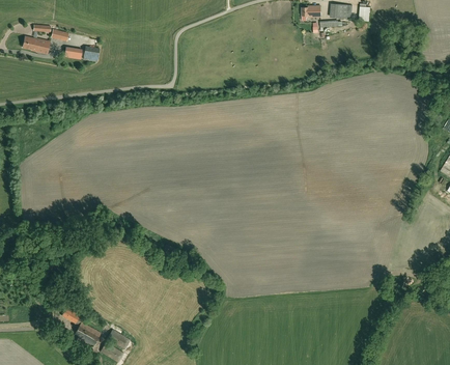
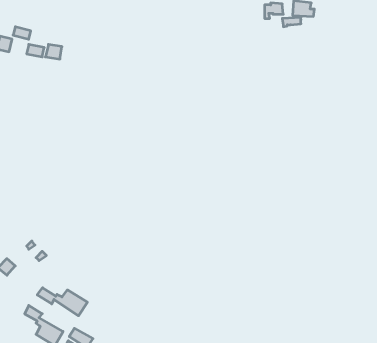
building: none -> [37,288,87,316]

